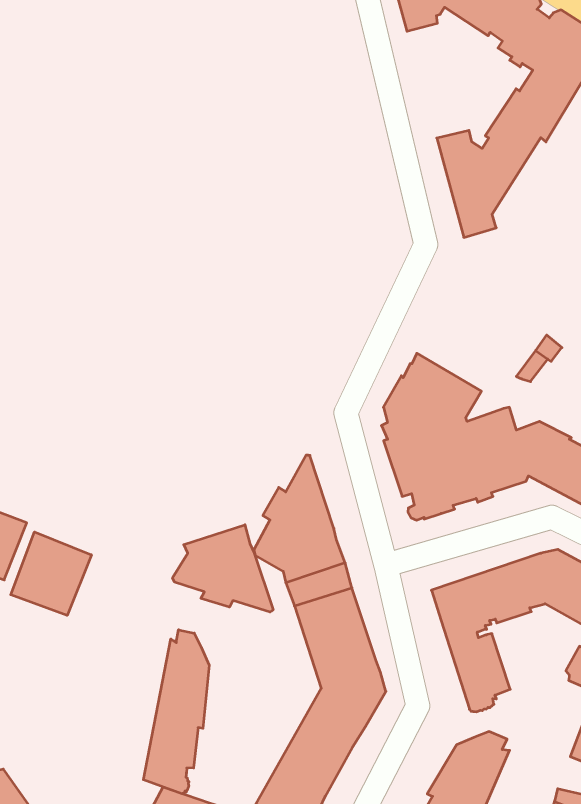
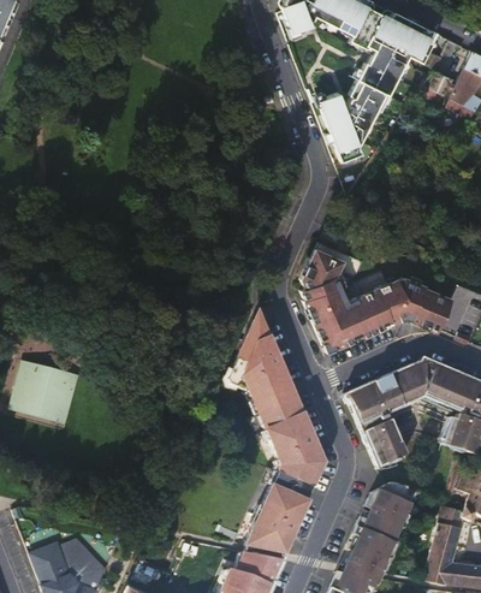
building: [173,525,273,612] -> none
building: [11,532,91,615] -> none
building: [143,630,209,794] -> none

